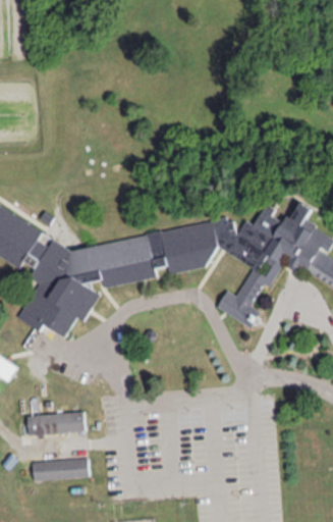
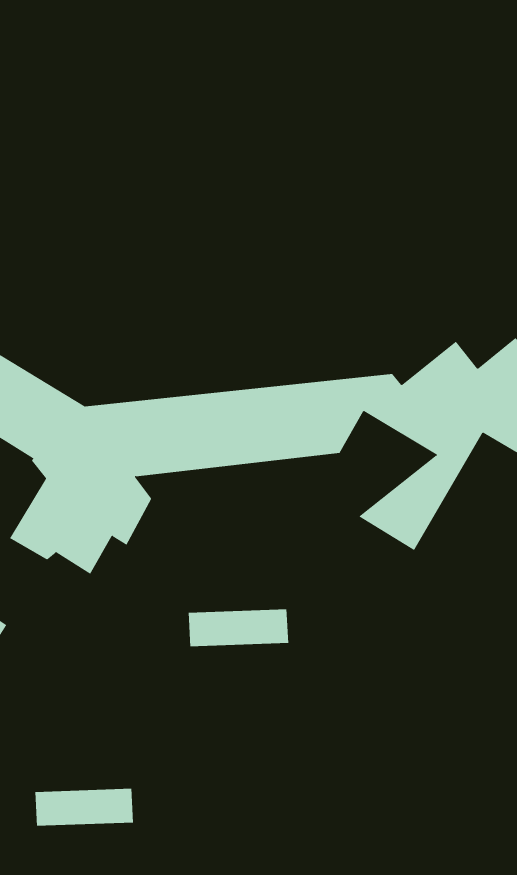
building: [26,413,84,434] -> [188,609,289,647]

